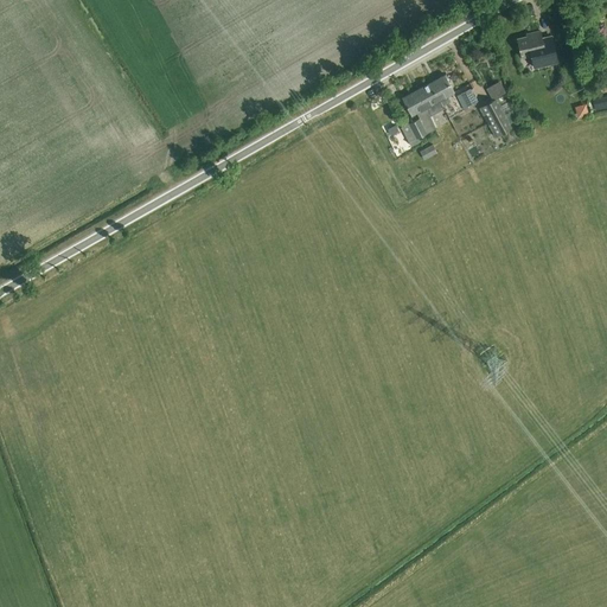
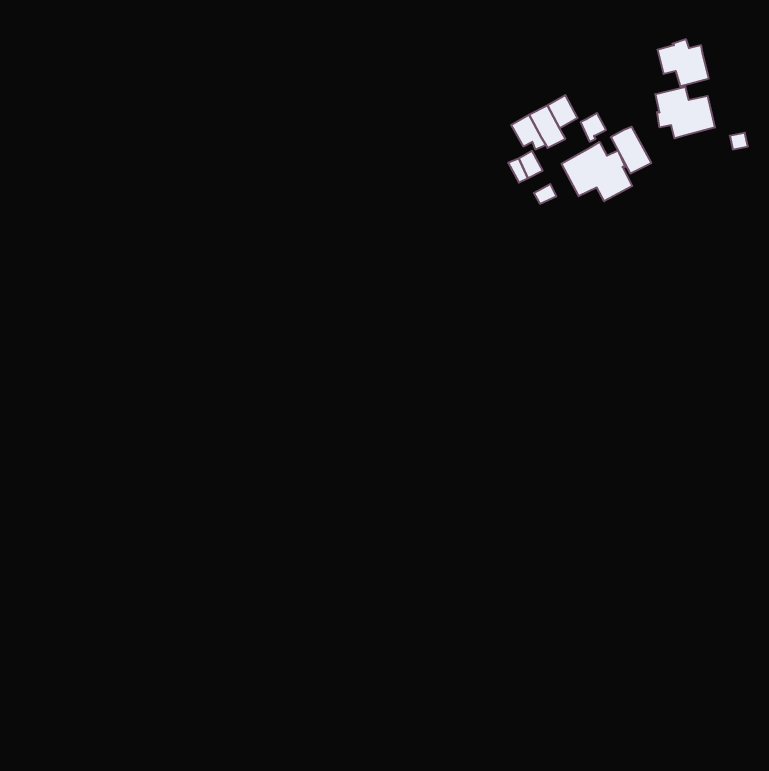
building: none -> [655,87,715,138]
building: none -> [562,142,632,201]

